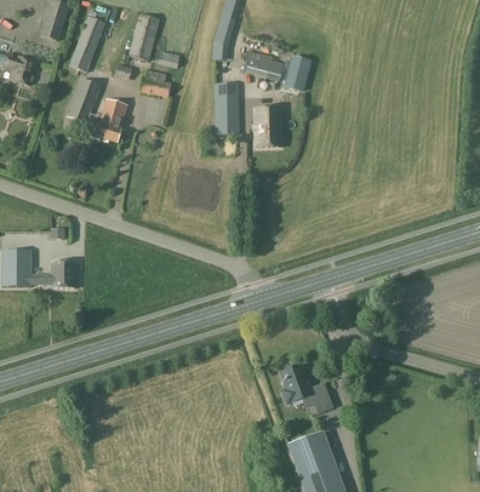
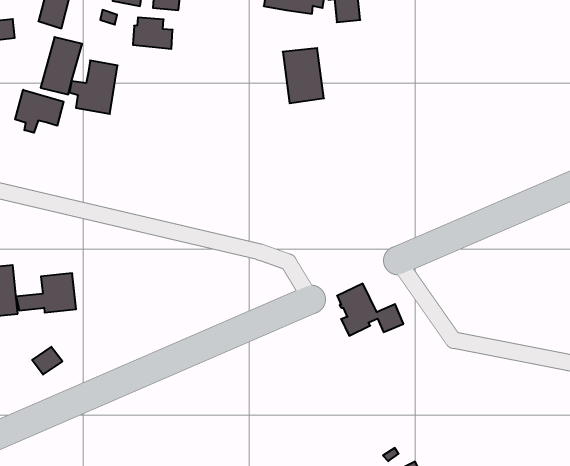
building: [213,82,239,133] -> none
building: none -> [15,90,64,133]
building: [280,364,328,402] -> [337,284,403,336]

